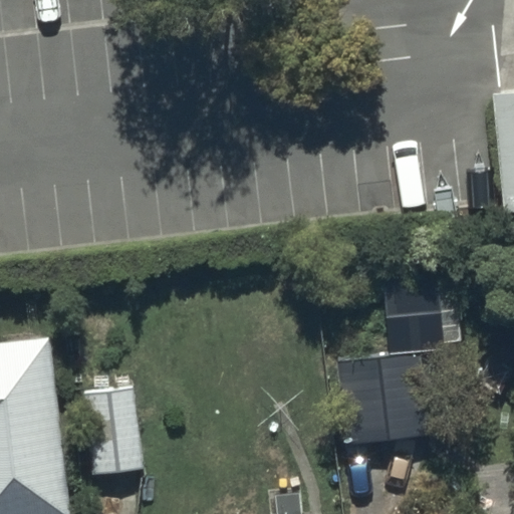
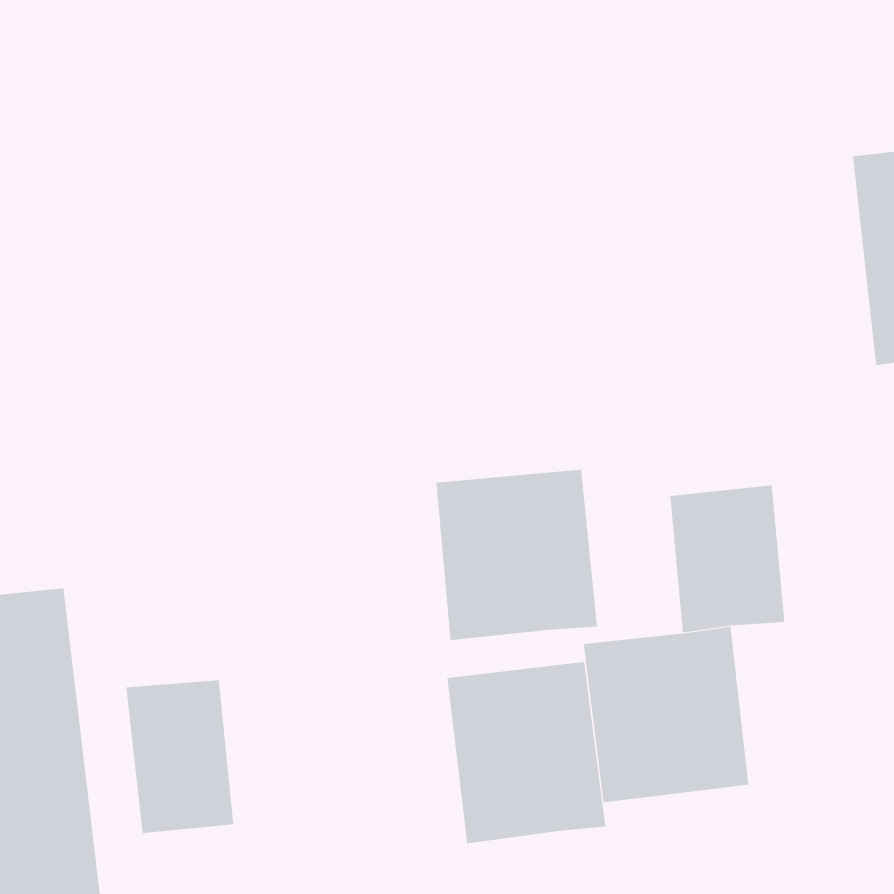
building: none -> [436,469,597,641]
building: none -> [447,661,606,844]

